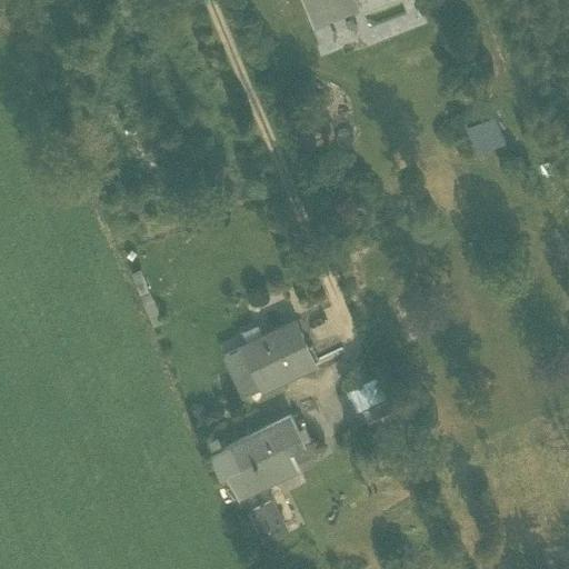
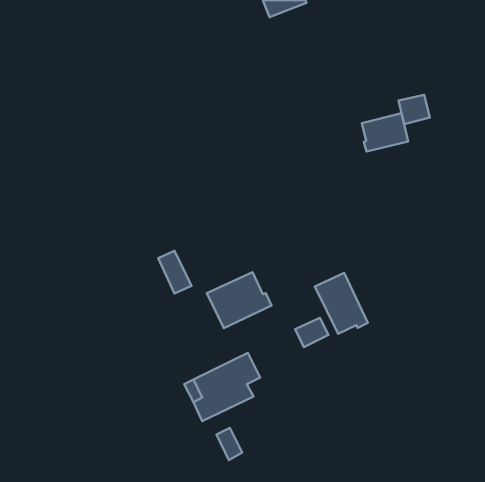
building: none -> [362,113,408,152]
building: none -> [315,273,368,334]
building: [223,347,262,397] -> [158,251,191,293]

